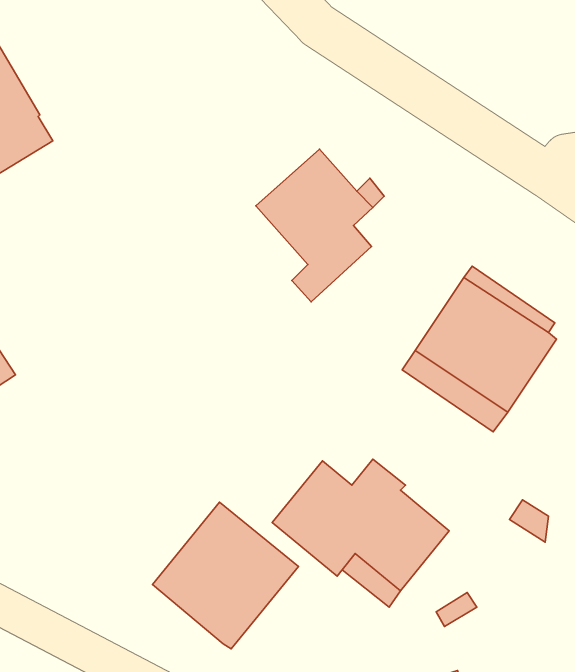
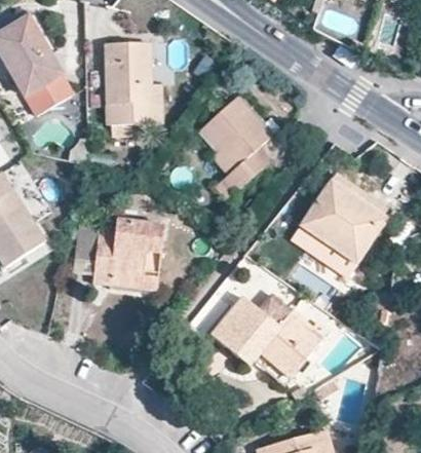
building: none -> [105,41,161,124]
building: none -> [72,217,163,290]
building: [152,502,298,649] -> none

